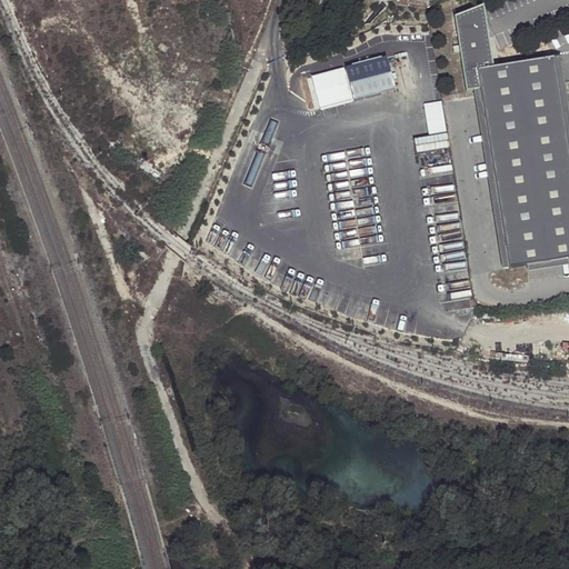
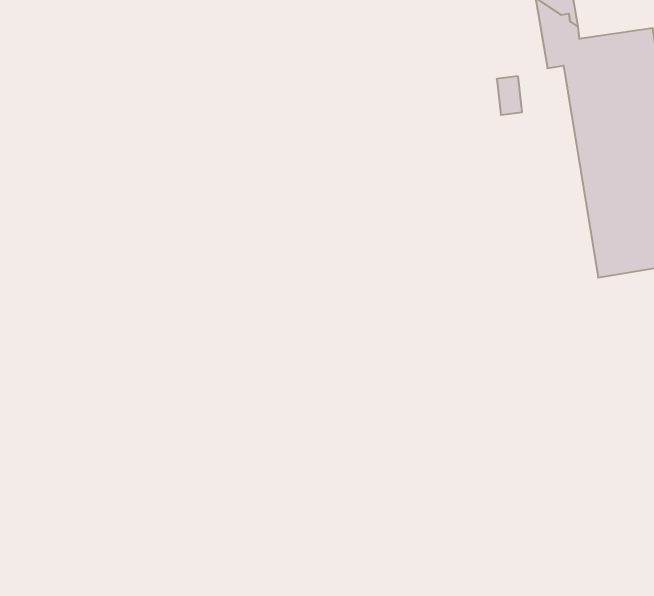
building: [309,52,398,107] -> none

